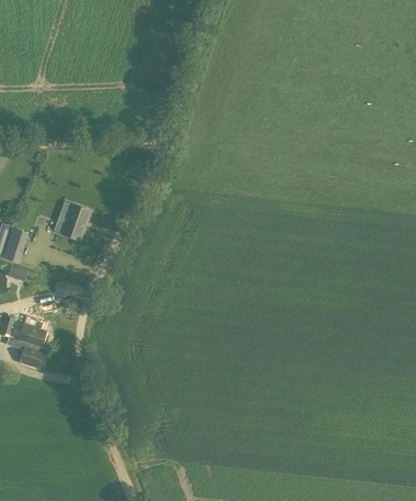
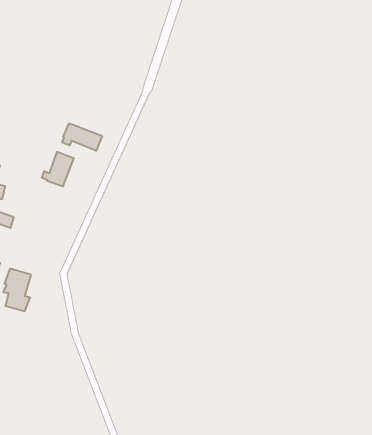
building: none -> [62,123,102,151]

